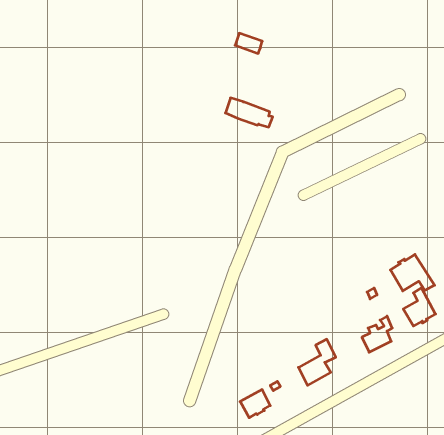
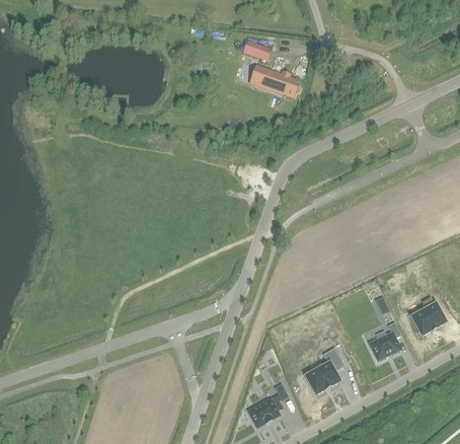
building: [225,98,273,127] -> [250,65,298,94]
building: [390,254,435,291] -> none

